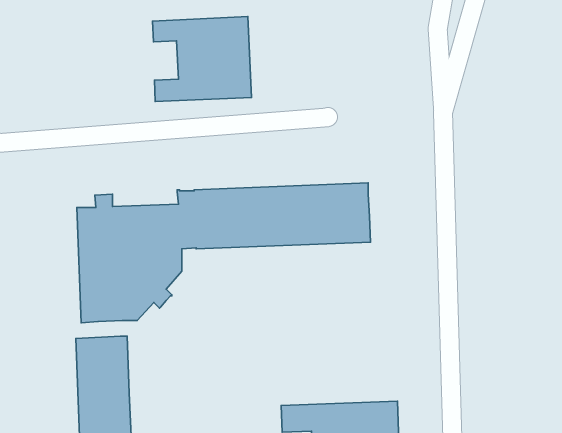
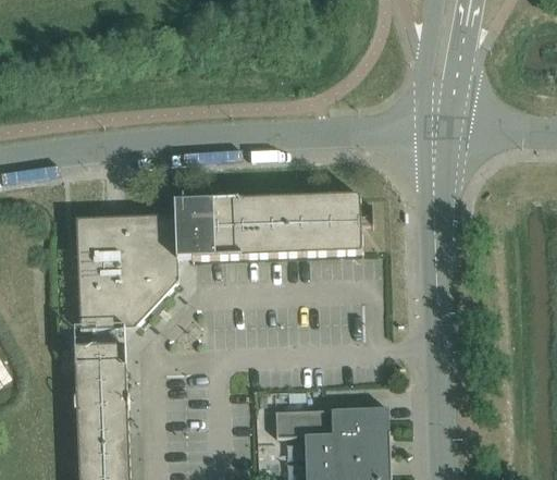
building: [153,17,252,101] -> none

